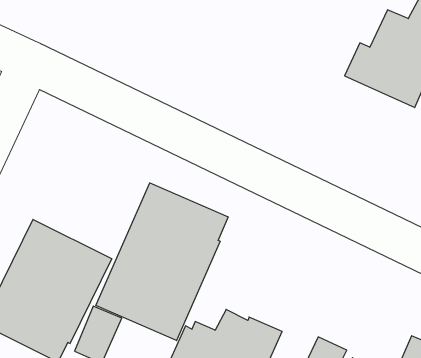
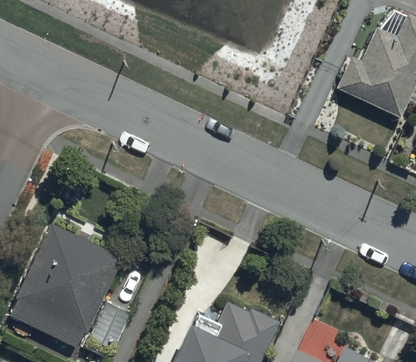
building: [96,183,228,341] -> none

